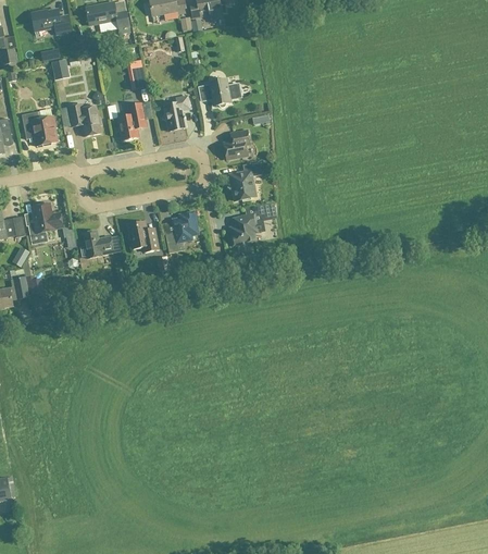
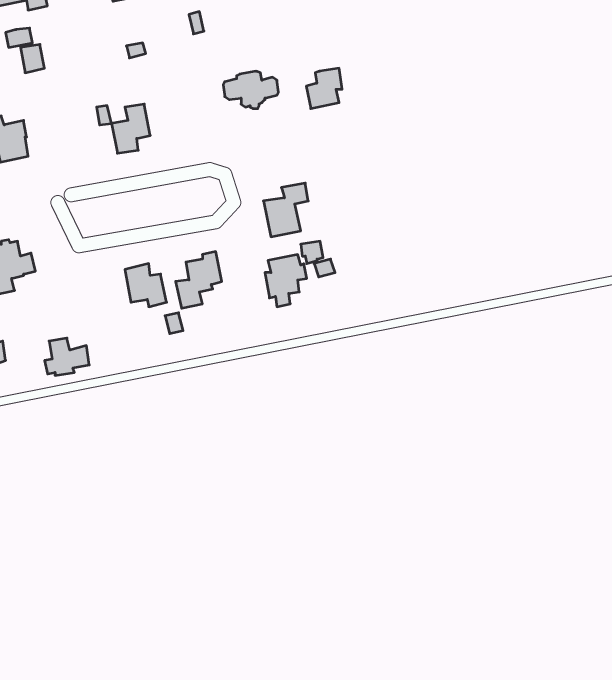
building: [161,96,189,131] -> none
building: [67,103,101,136] -> none
building: [223,130,249,159] -> [306,68,342,109]
building: [79,230,112,257] -> [45,338,89,375]

